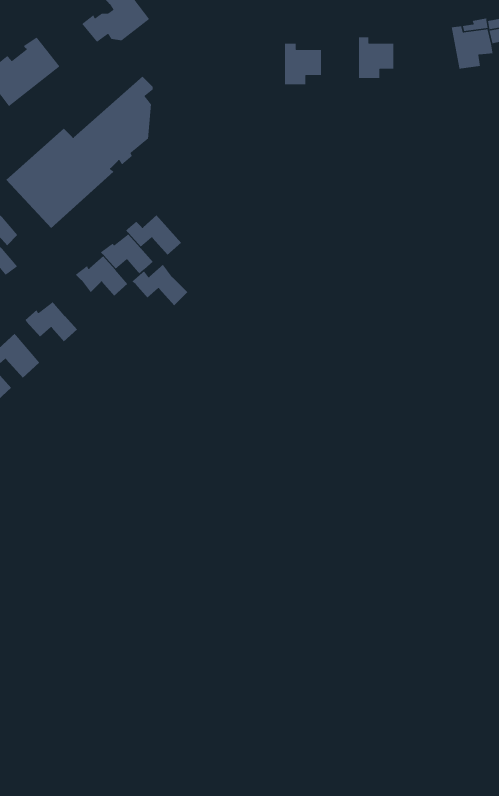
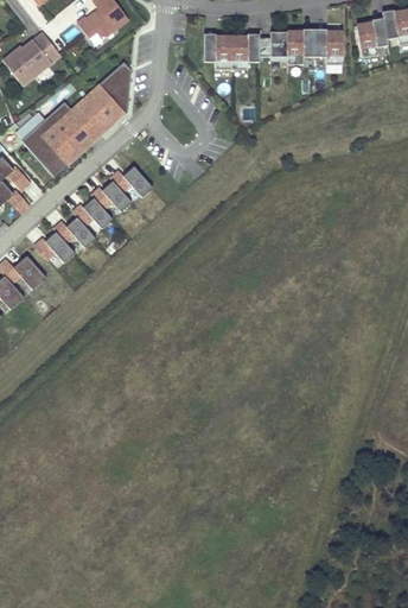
building: none -> [259,32,286,61]
building: none -> [313,32,340,64]
building: none -> [203,37,230,69]
building: [132,264,188,306] -> [53,216,96,248]

